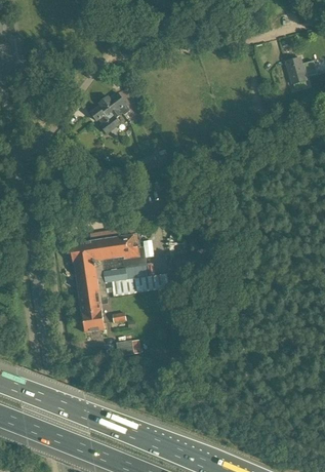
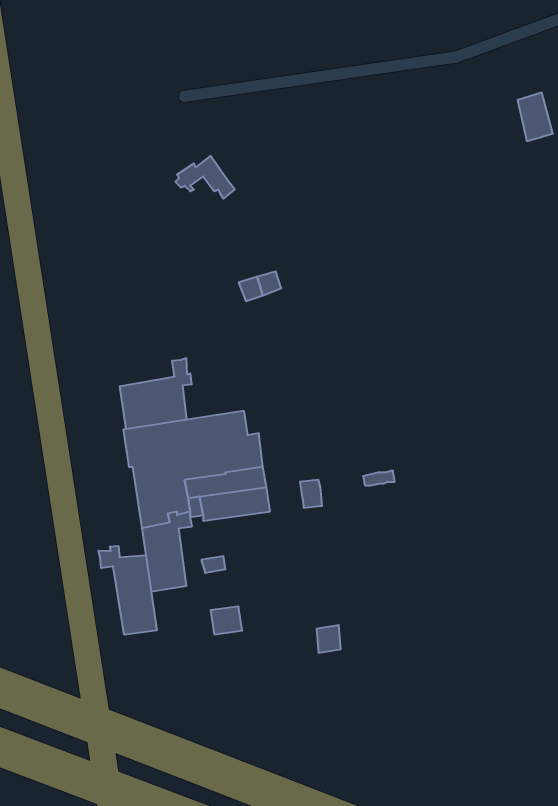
building: [91,104,123,133] -> none
building: none -> [120,358,192,429]
building: none -> [98,546,157,635]

